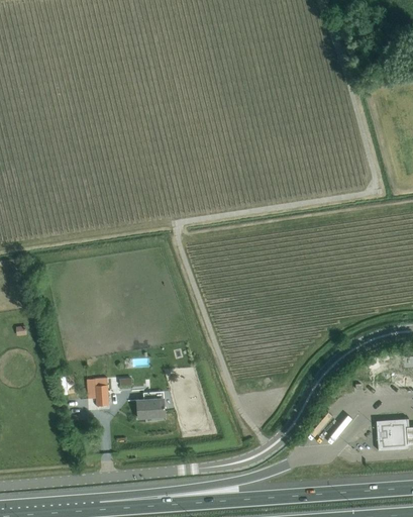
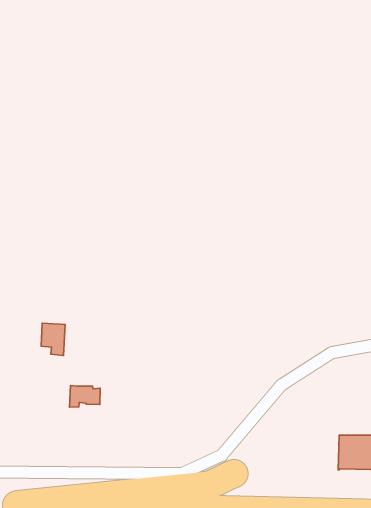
building: [87,378,108,405] -> [41,323,65,355]

